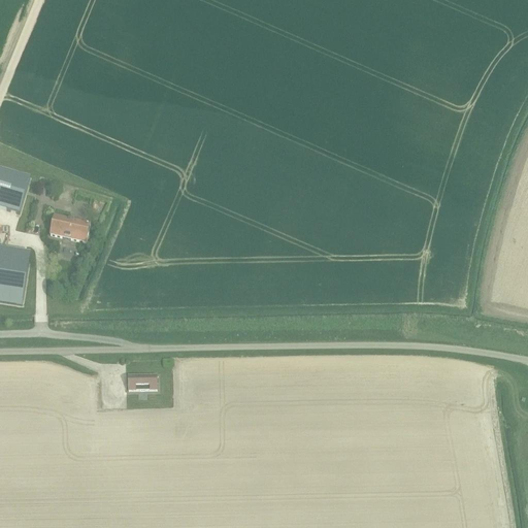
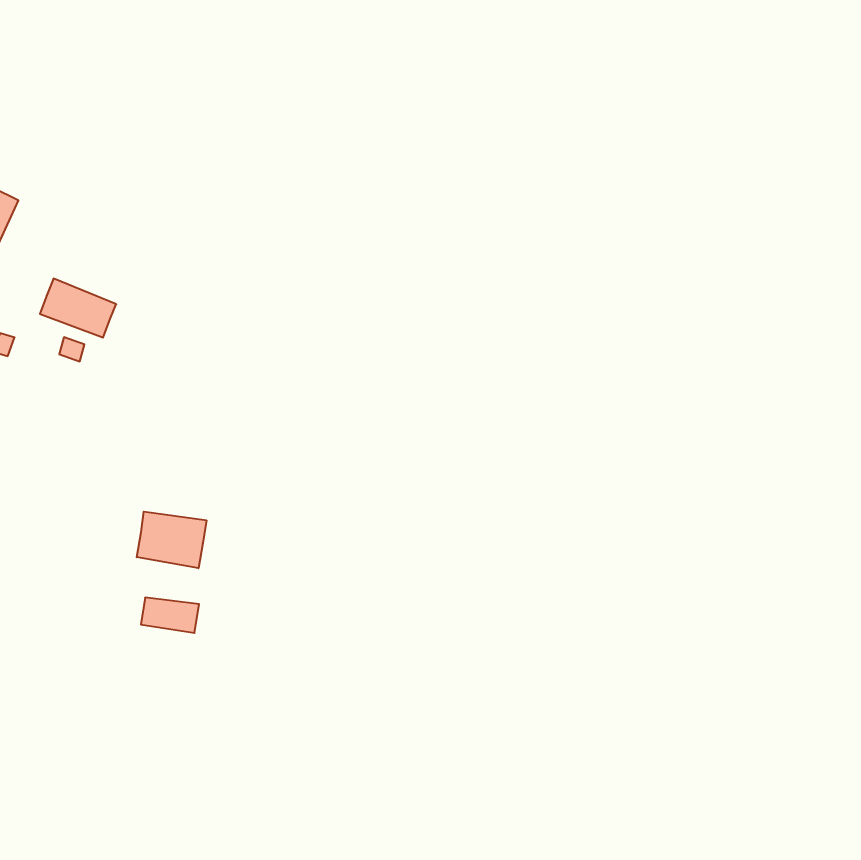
building: none -> [137,512,206,568]

